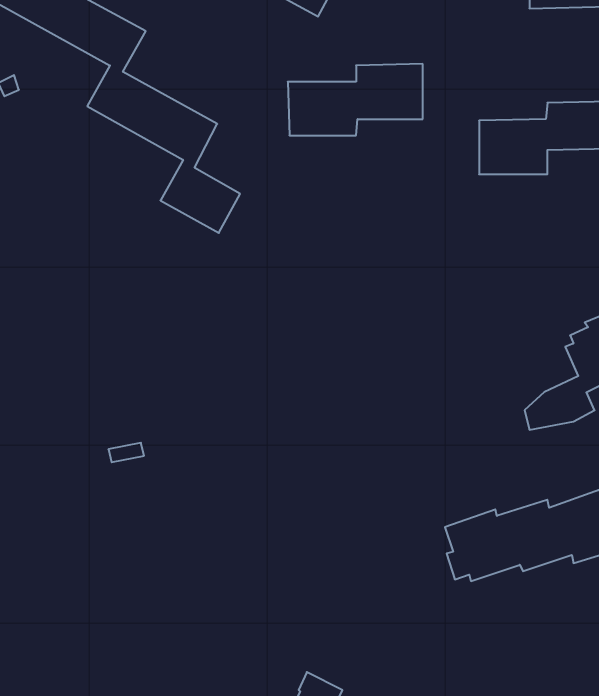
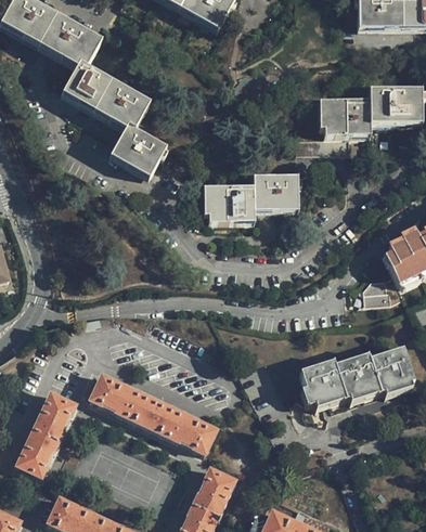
building: [288,64,423,135] -> [209,174,299,222]
building: none -> [89,376,216,454]
building: none -> [16,394,76,477]

